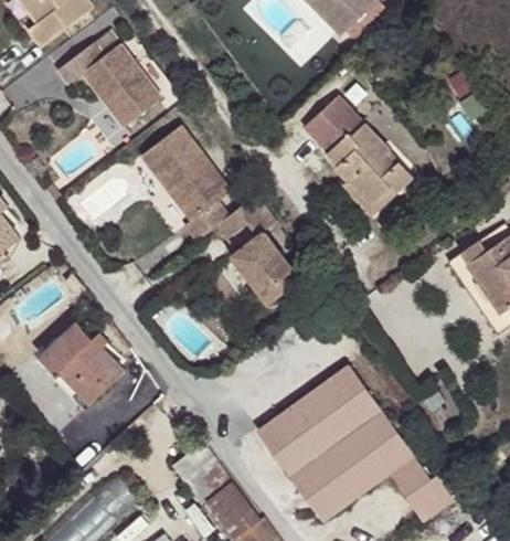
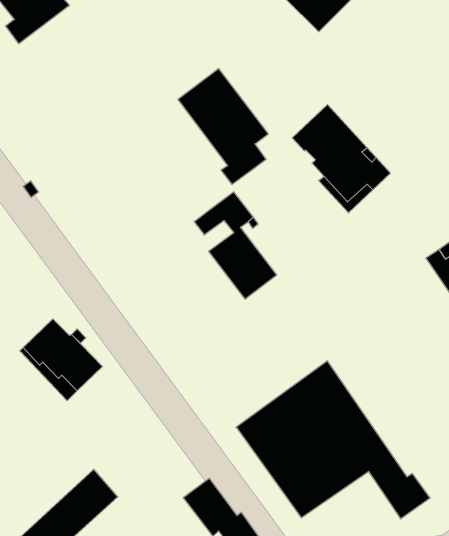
building: [57,29,161,125] -> none
building: [140,124,231,240] -> [178,69,268,185]
building: [171,442,231,503] -> none

